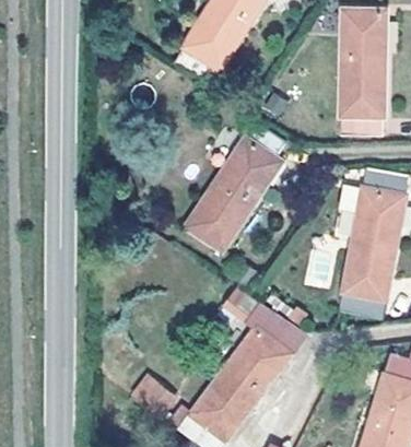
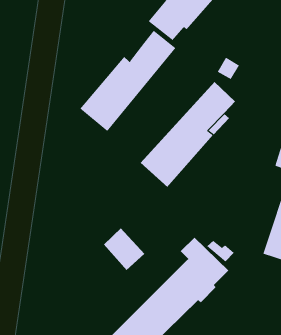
building: none -> [80,30,176,132]
building: [127,372,176,420] -> [103,228,145,271]

